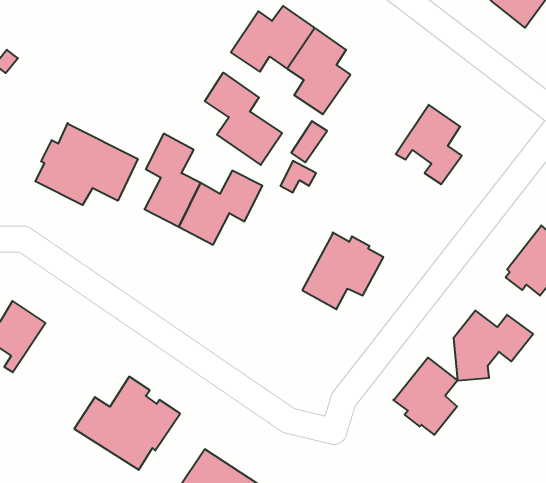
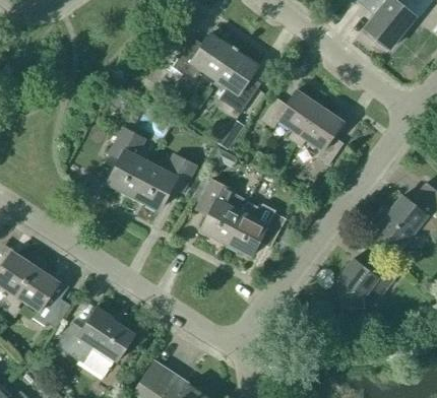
building: [205,73,282,165] -> none
building: none -> [261,90,319,142]
building: [35,123,138,205] -> none
building: none -> [201,180,248,243]
building: none -> [6,267,71,327]
building: [393,358,458,435] -> none

